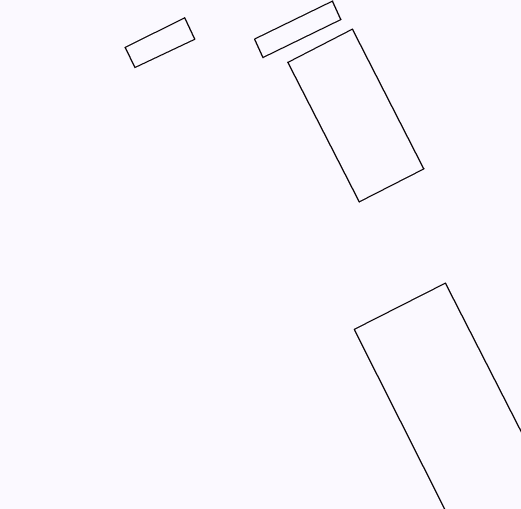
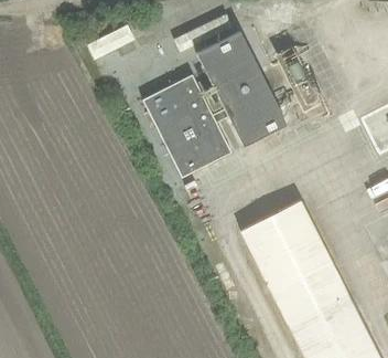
building: none -> [142,74,230,177]

